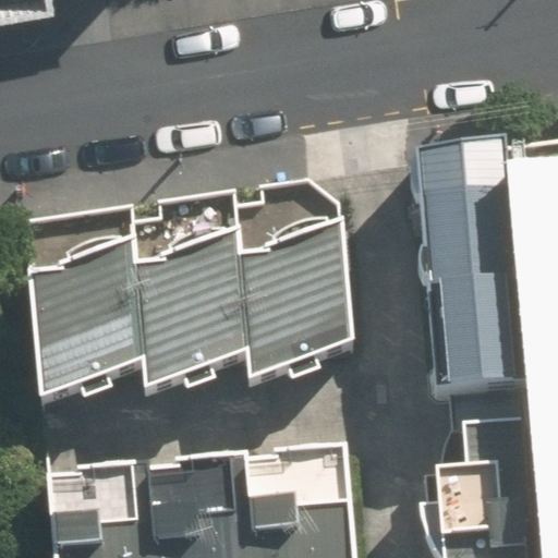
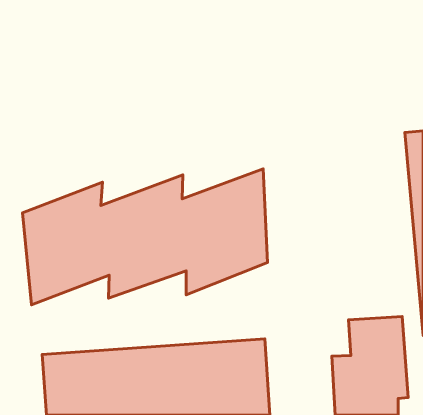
building: [416,143,523,393] -> none

